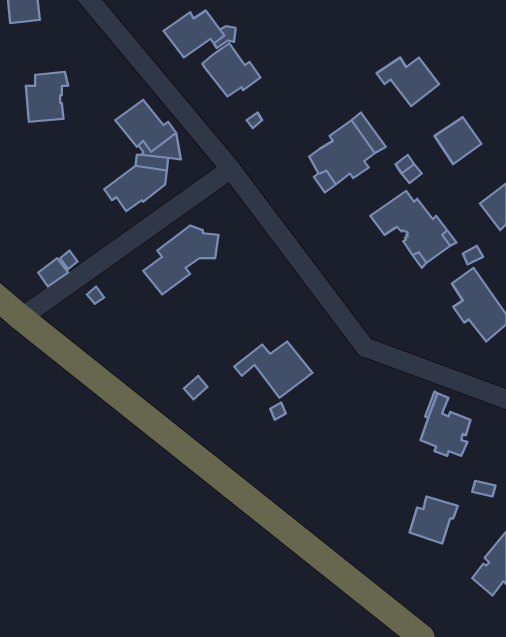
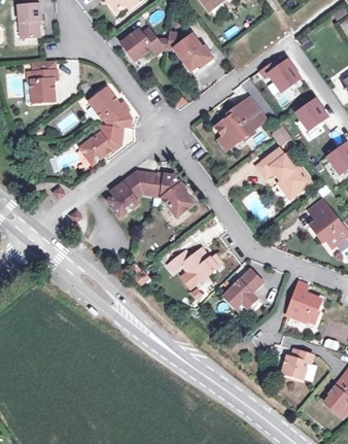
building: [202,43,260,96] -> [173,35,211,70]
building: none -> [153,173,193,215]
building: none -> [224,270,263,311]

